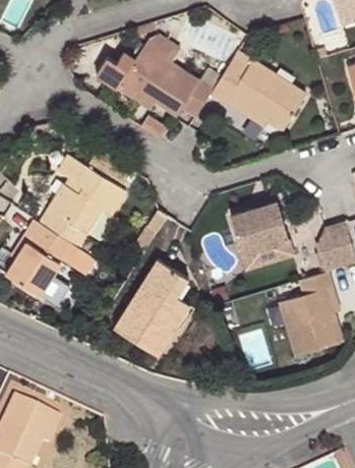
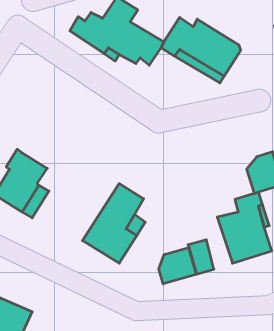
building: [41,165,129,246] -> none
building: [229,199,289,253] -> none
building: none -> [159,247,196,284]

